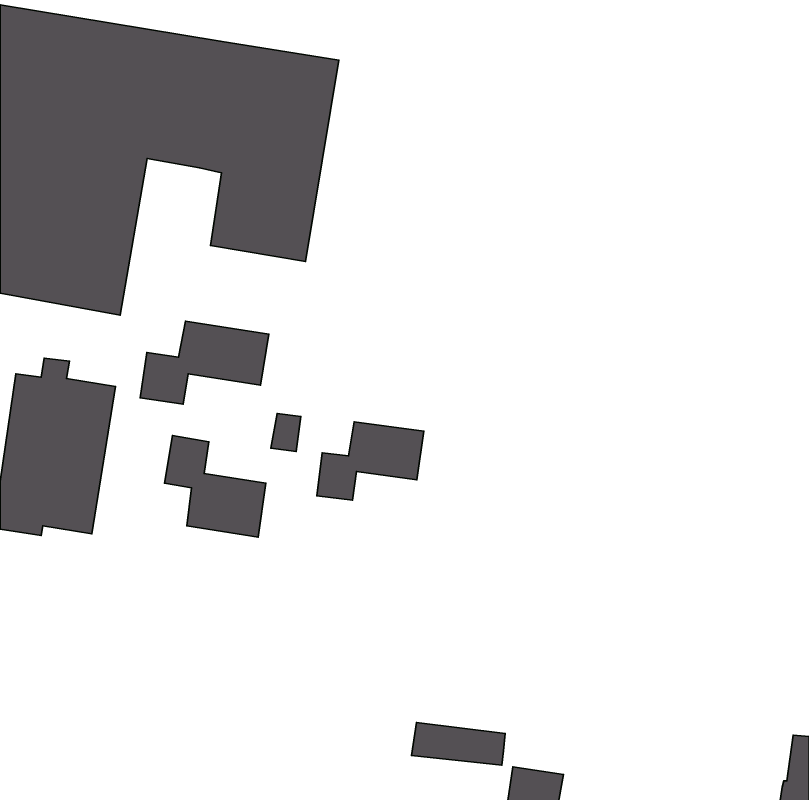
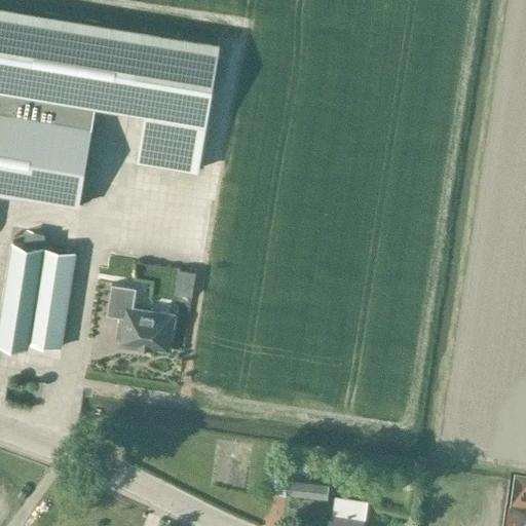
building: [140,321,269,404] -> none
building: [317,422,424,500] -> none

